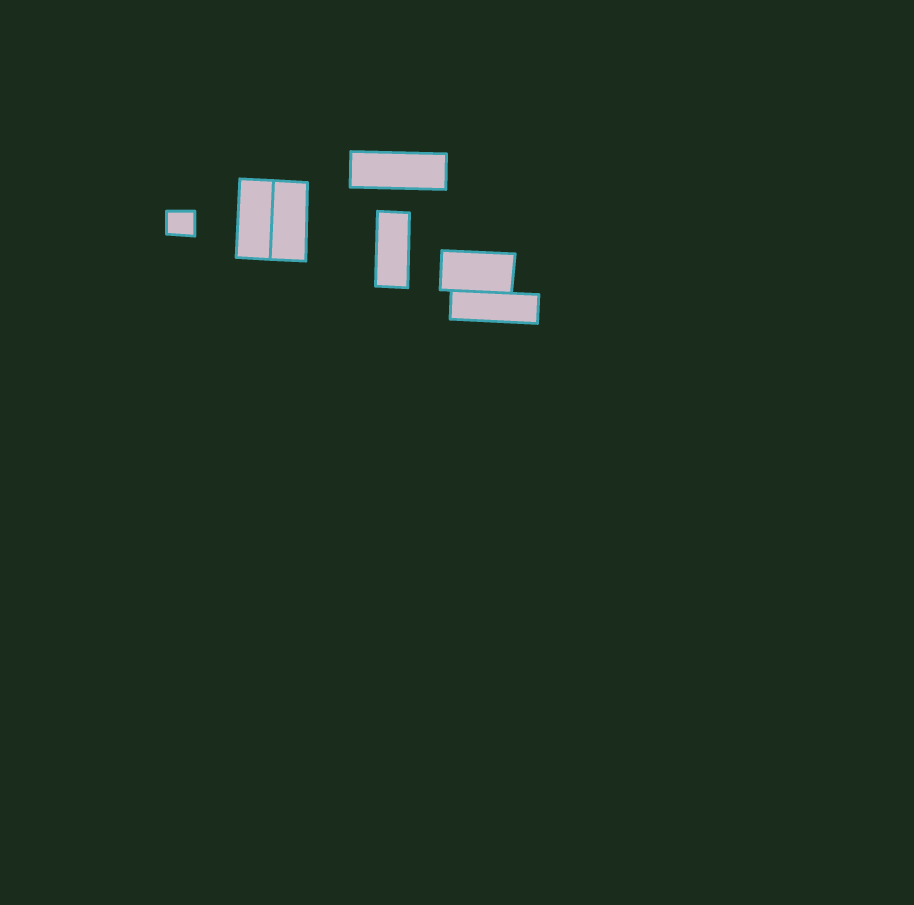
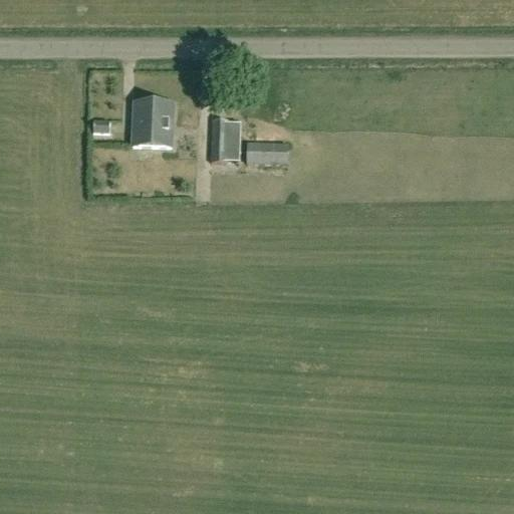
building: [350,151,446,189] -> none
building: [450,290,539,324] -> none

